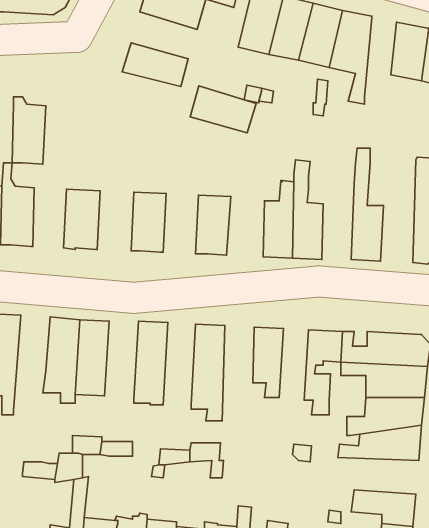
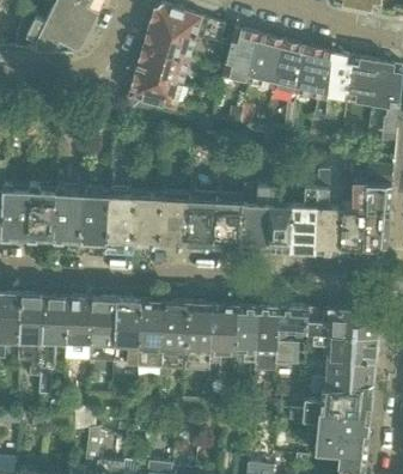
building: none -> [325,53,352,118]
building: [190,86,256,133] -> [135,48,189,86]
building: [12,97,46,164] -> [55,186,83,241]
building: none -> [338,169,367,253]
building: none -> [291,188,317,250]
building: none -> [108,194,138,243]
building: none -> [161,196,190,245]
building: none -> [213,199,244,248]
building: none -> [39,296,69,395]
building: none -> [114,300,141,364]
building: none -> [160,302,188,378]
building: none -> [209,304,236,382]
building: none -> [256,306,280,371]
building: none -> [288,411,370,442]

